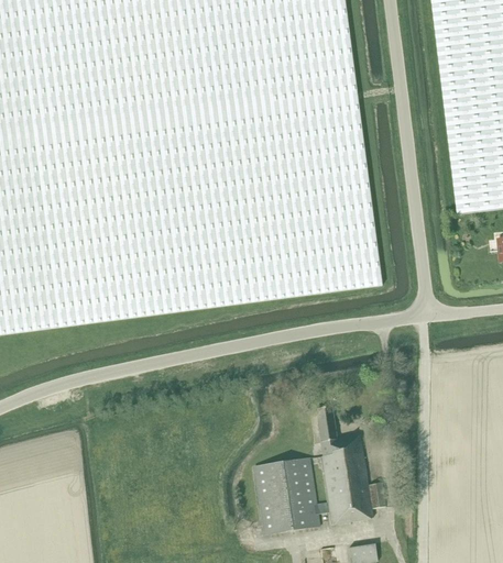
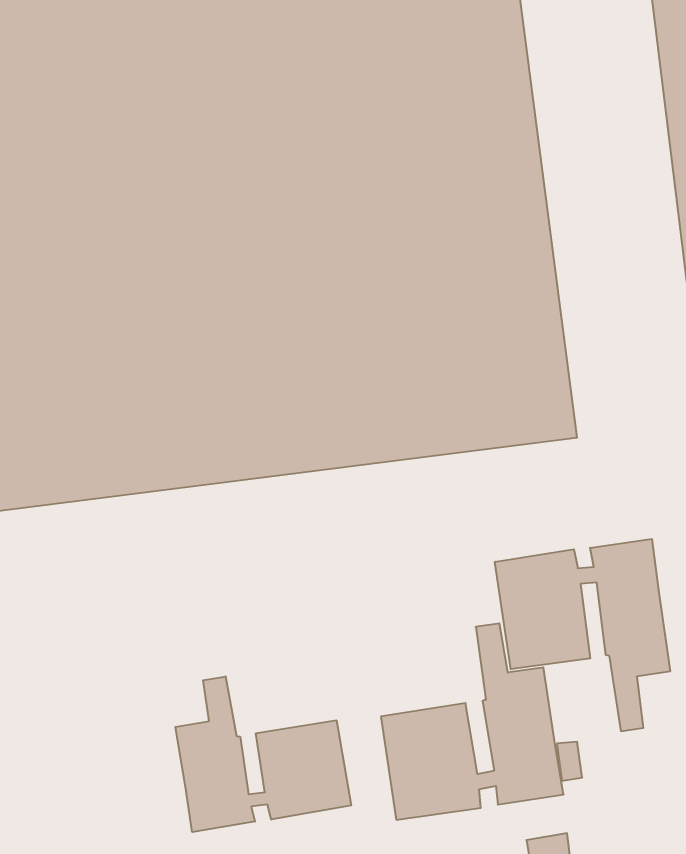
building: none -> [495,539,670,731]
building: none -> [175,676,351,832]

